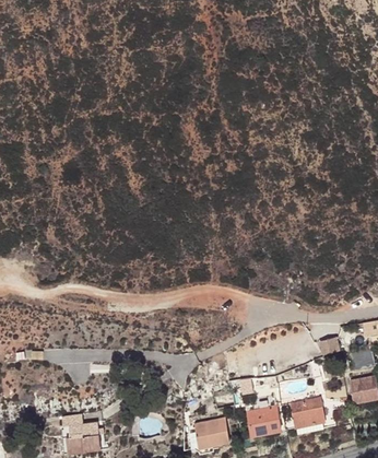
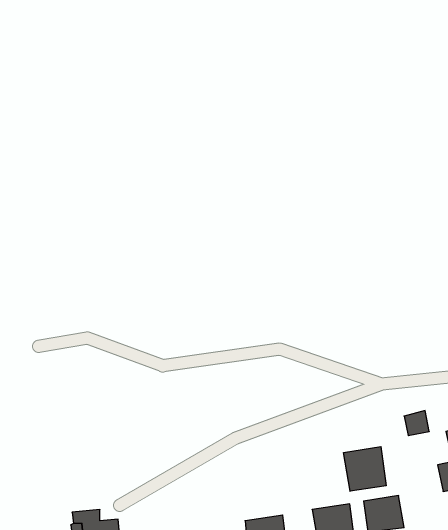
building: none -> [344,447,386,491]

